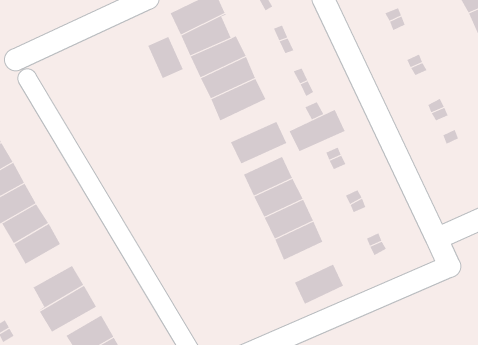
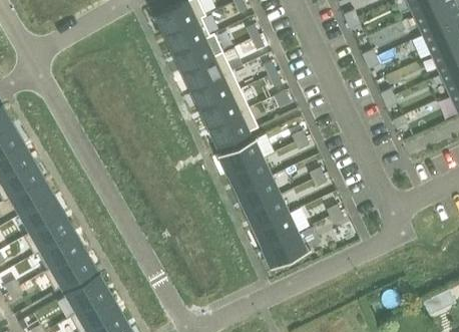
building: [148,36,183,79] -> none
building: [289,109,346,152] -> [200,88,250,125]
building: none -> [256,212,299,247]
building: none -> [24,214,73,254]

